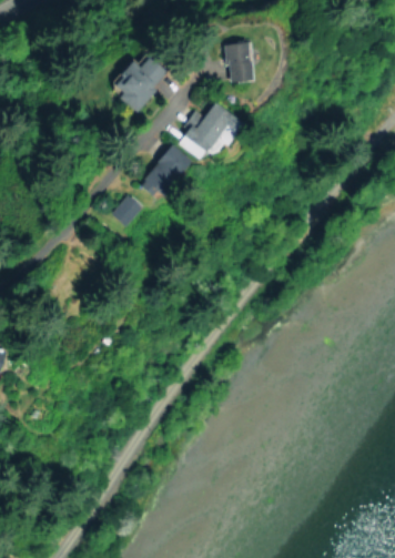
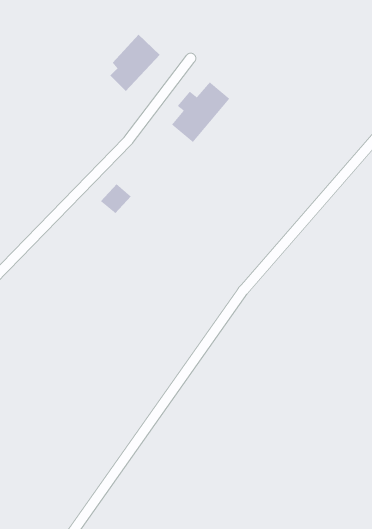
building: [223,39,252,81] -> none
building: [145,144,193,193] -> none

